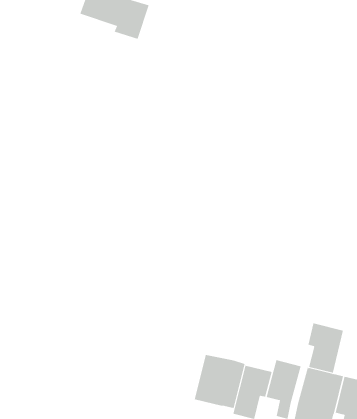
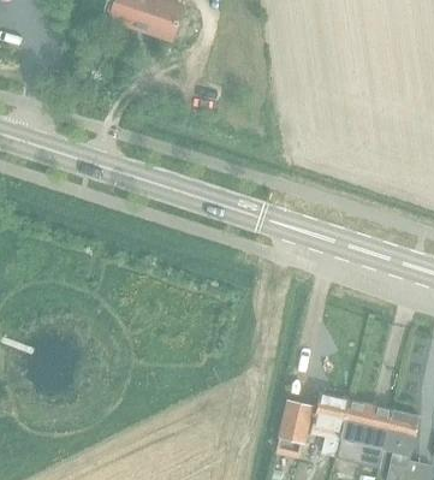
building: [308,322,344,374] -> none
building: [194,354,245,409] -> none

